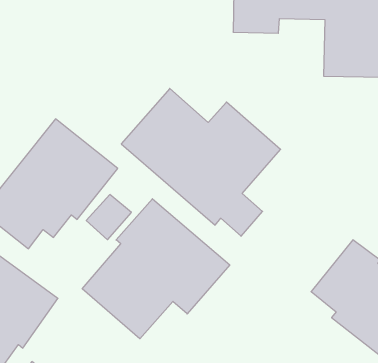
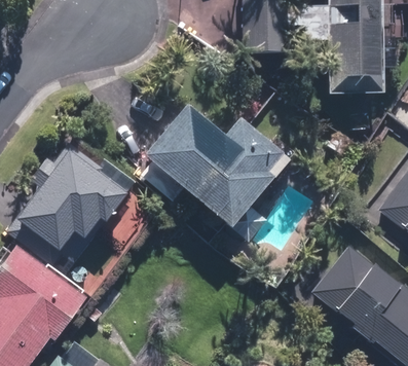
building: [82,199,230,339] -> none

